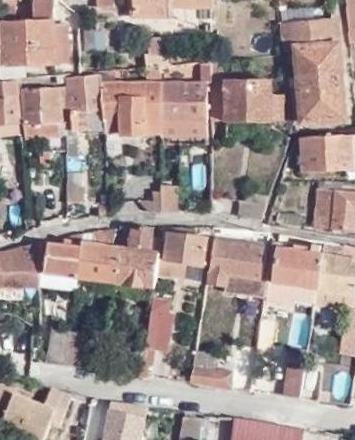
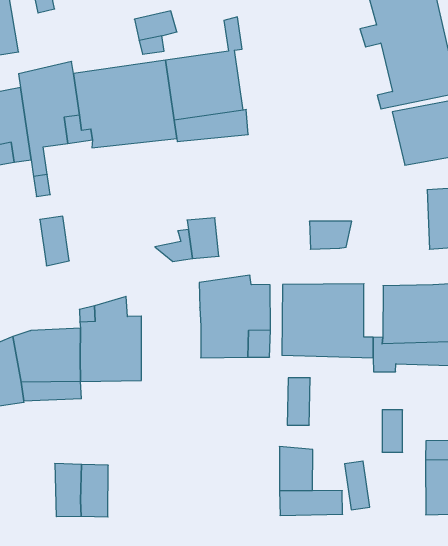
building: [209,60,280,121] -> none
building: [114,227,158,290] -> none
building: [139,295,172,377] -> none

